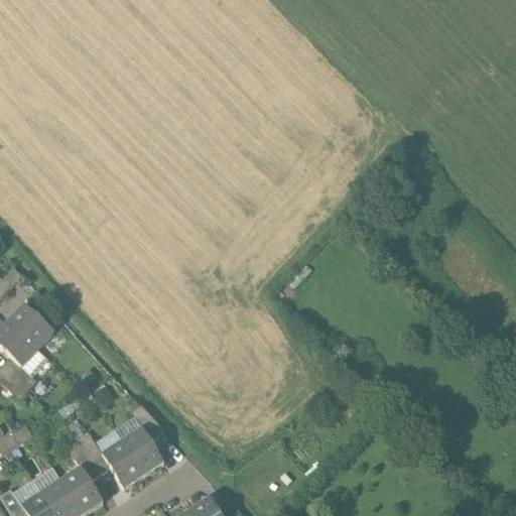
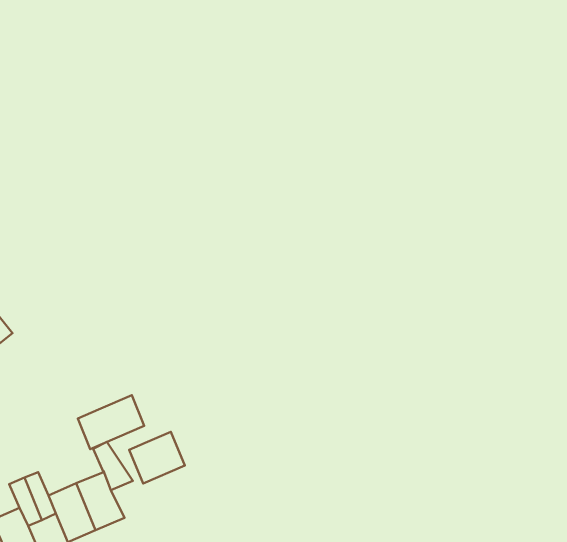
building: none -> [78,395,144,449]
building: none -> [129,432,185,483]

